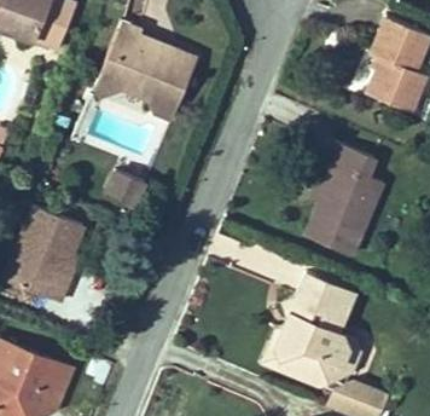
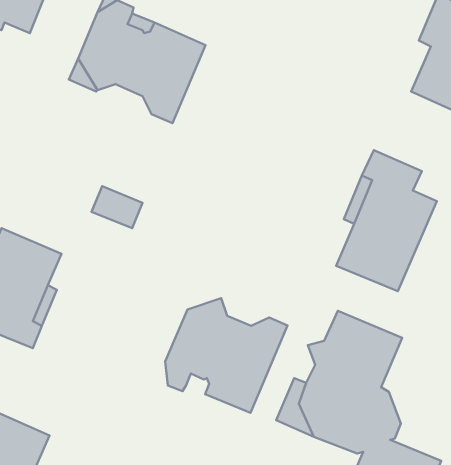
building: none -> [165,298,288,413]

